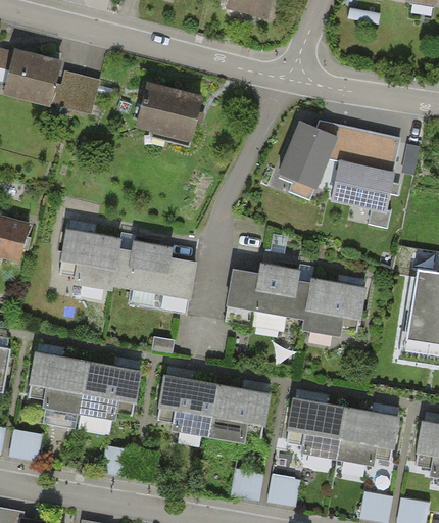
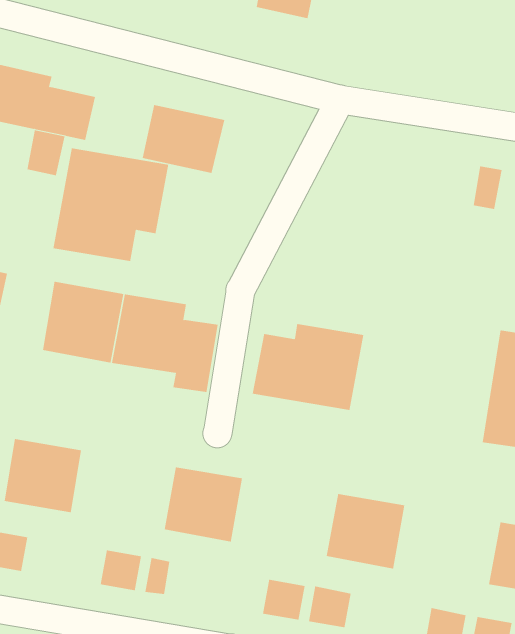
building: none -> [27,129,65,176]
building: [279,120,402,215] -> none
building: none -> [53,147,169,262]
building: [301,271,369,341] -> none
building: [79,363,141,422] -> none
building: [206,385,269,445] -> none
building: [336,407,398,467] -> none

